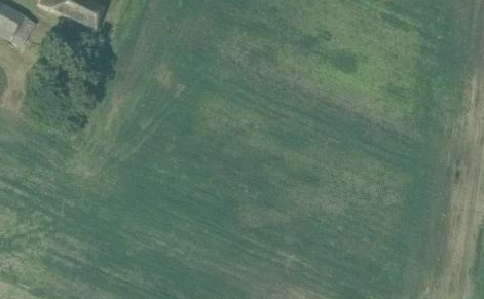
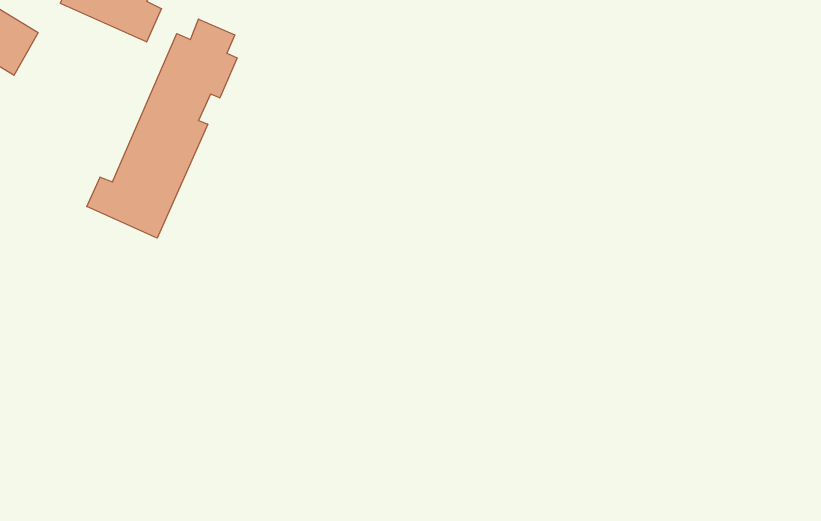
building: none -> [87,19,237,238]

